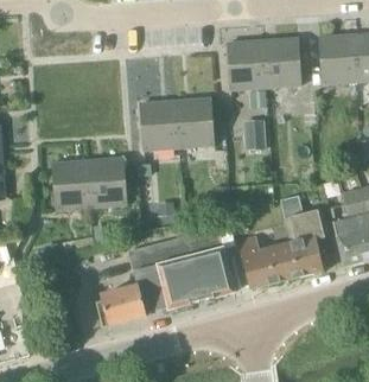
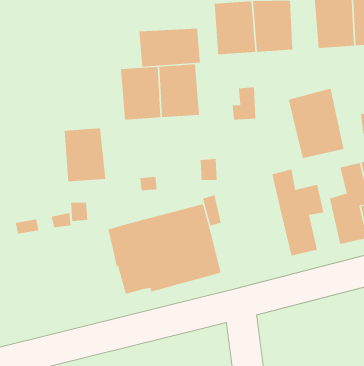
building: none -> [139,28,201,67]
building: none -> [288,88,344,159]
building: [52,159,91,209] -> none
building: [238,235,298,288] -> none
building: [101,285,146,324] -> none

